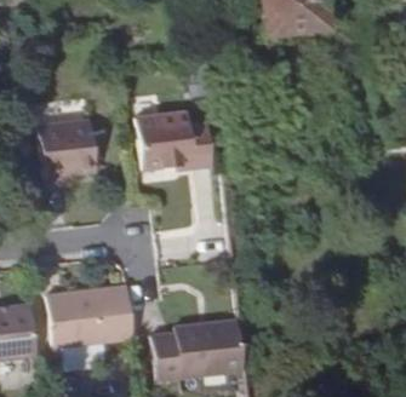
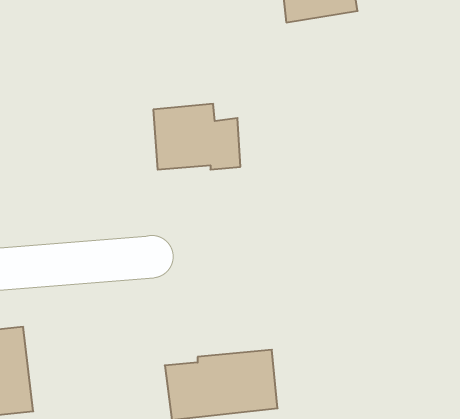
building: [39,125,96,184] -> none
building: [51,286,135,344] -> none

